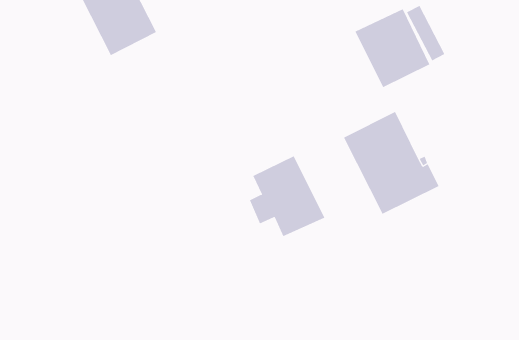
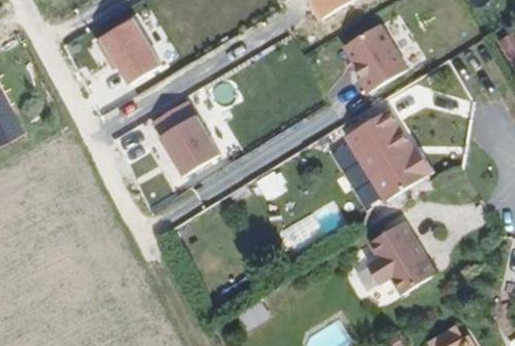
building: none -> [150,95,223,175]
building: [249,156,325,237] -> [361,226,429,298]

